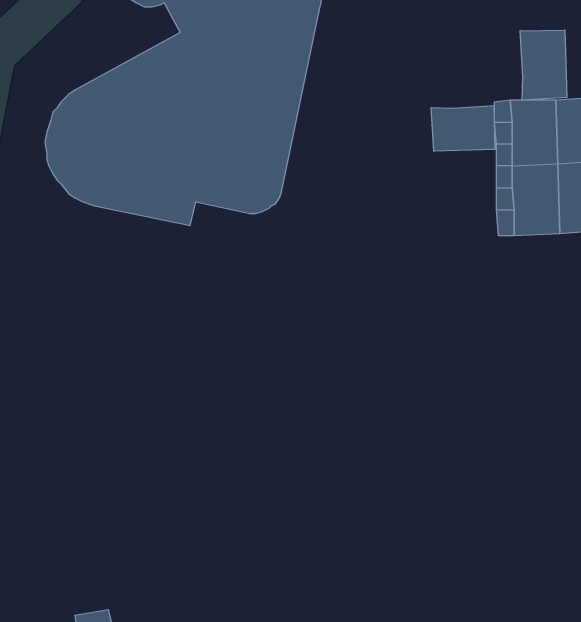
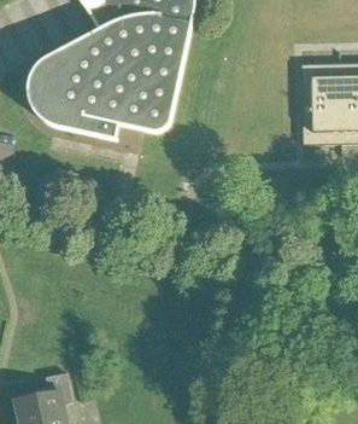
building: [520,30,567,100] -> none
building: [431,106,495,151] -> none

